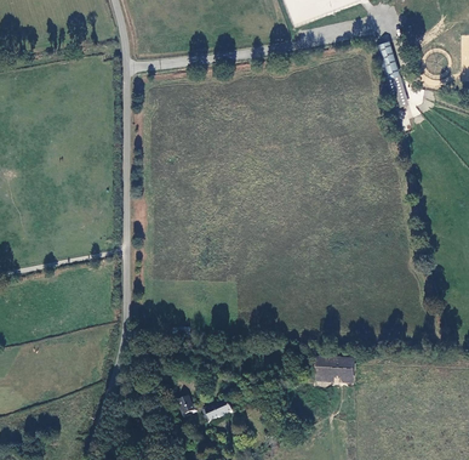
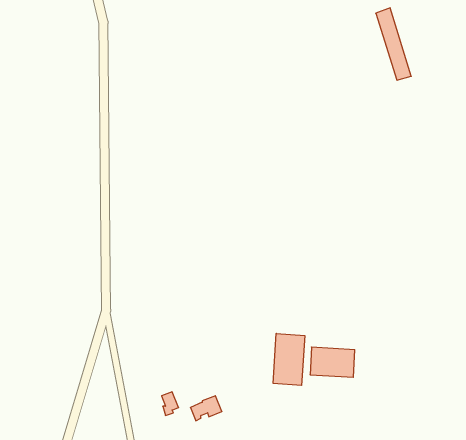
building: none -> [273,333,305,385]

